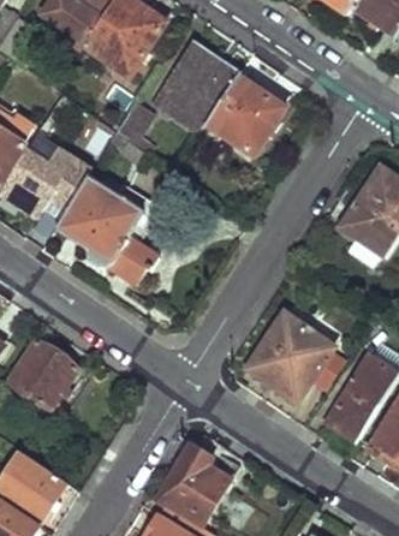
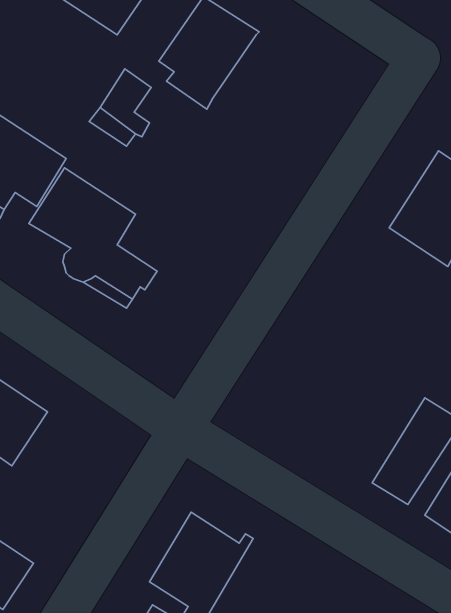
building: [204,73,286,151] -> none
building: [249,311,334,394] -> none

